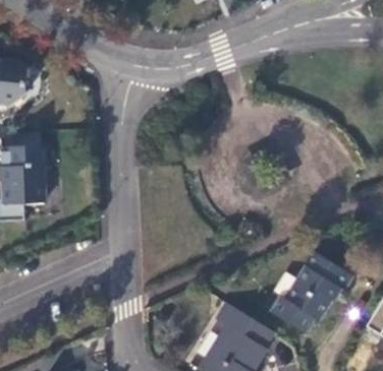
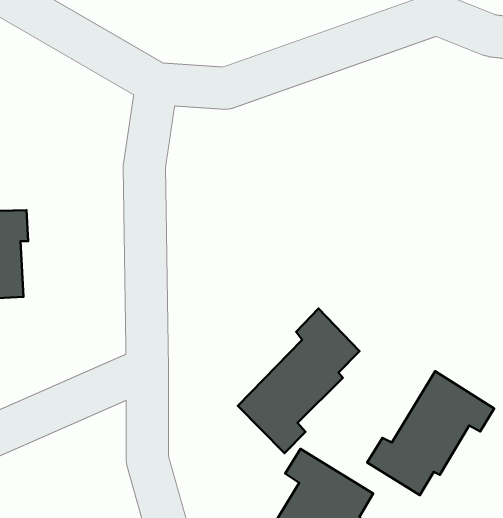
building: none -> [238,308,360,453]

